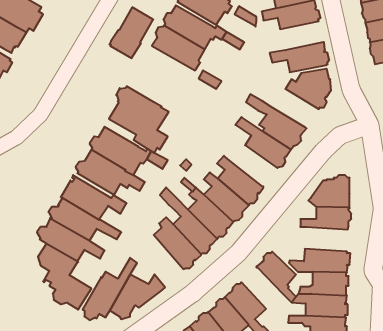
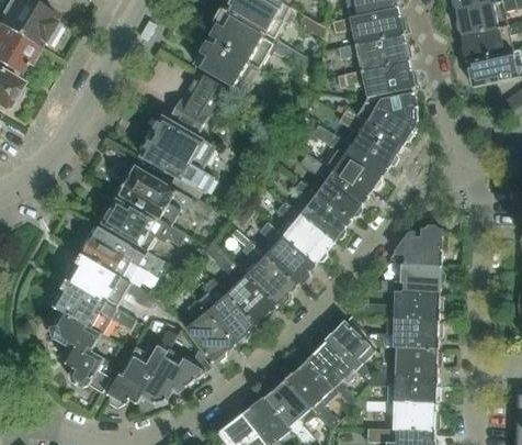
building: [109,7,153,58] -> [169,70,224,134]
building: none -> [337,33,410,69]
building: none -> [338,109,402,166]
building: none -> [292,180,351,240]
building: none -> [356,290,443,321]
building: none -> [180,299,235,361]
building: none -> [306,341,358,407]

